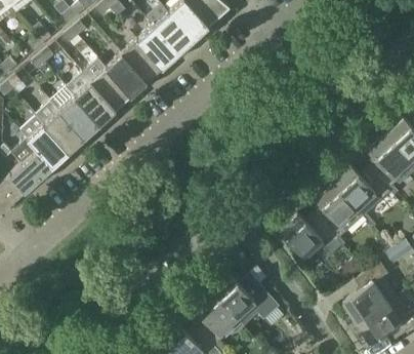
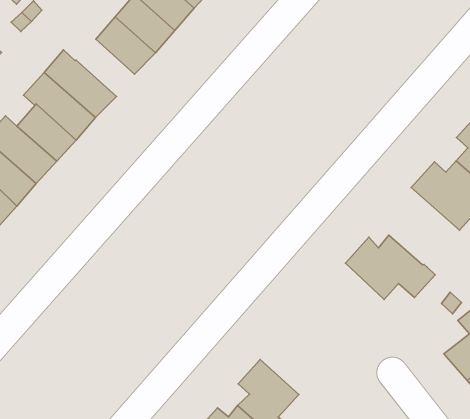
building: [106,53,146,95] -> none
building: [313,183,363,240] -> none
building: [212,273,270,326] -> none

